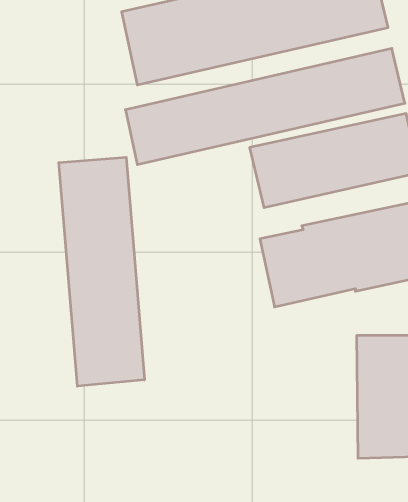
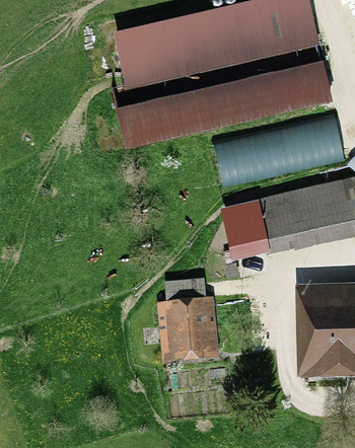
building: [59,157,144,386] -> none
building: none -> [157,276,219,361]

